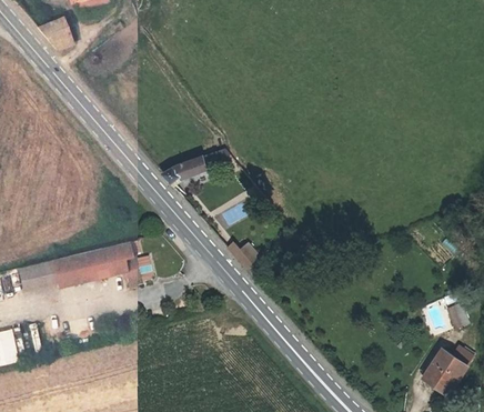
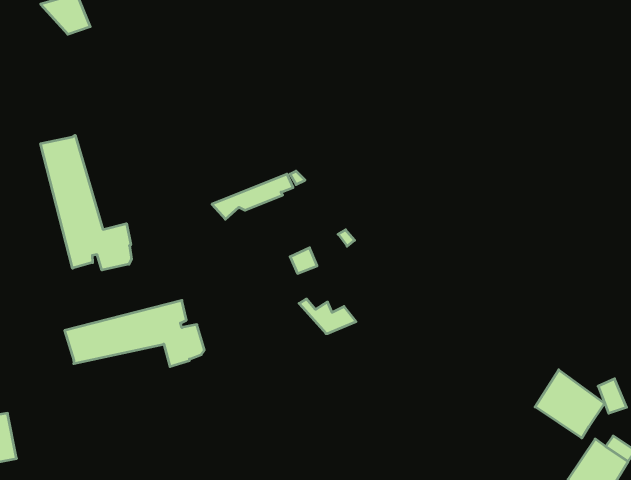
building: none -> [41,135,131,270]
building: [19,264,59,295] -> none
building: none -> [535,370,605,438]

